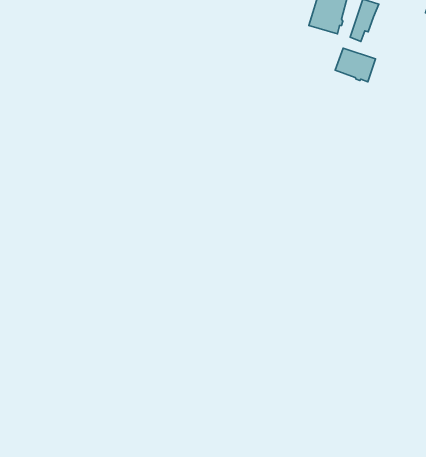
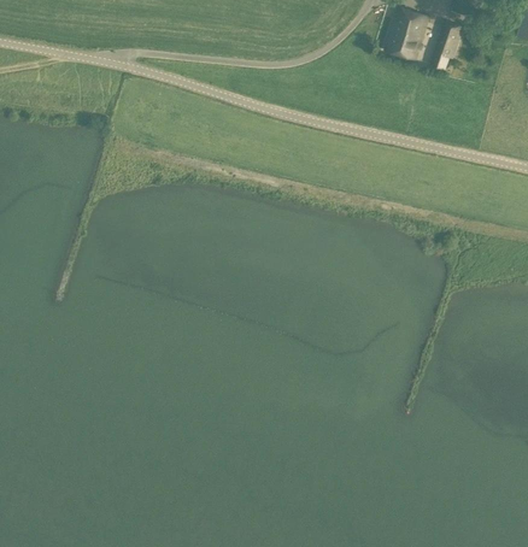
building: [335,48,375,82] -> none

